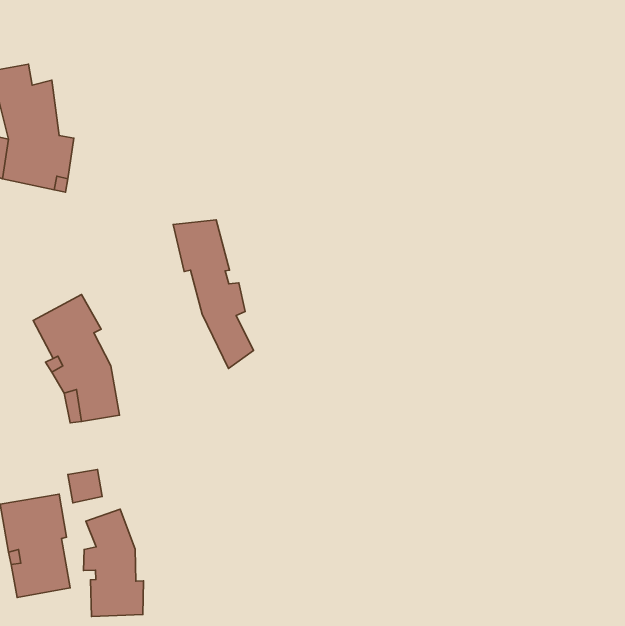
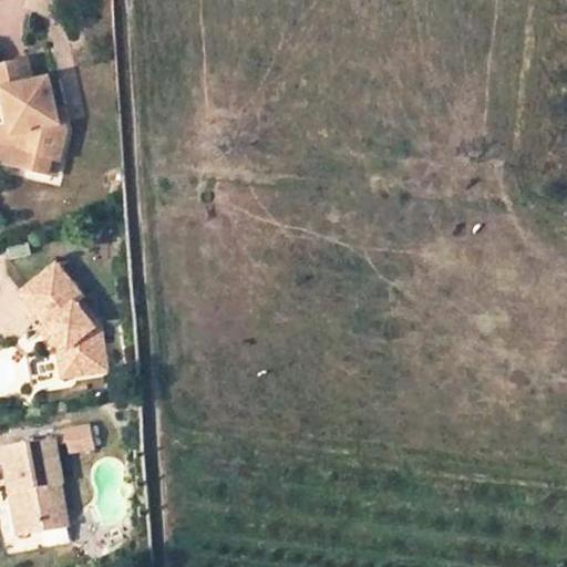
building: [173,220,254,369] -> none
building: [84,509,144,616] -> none

